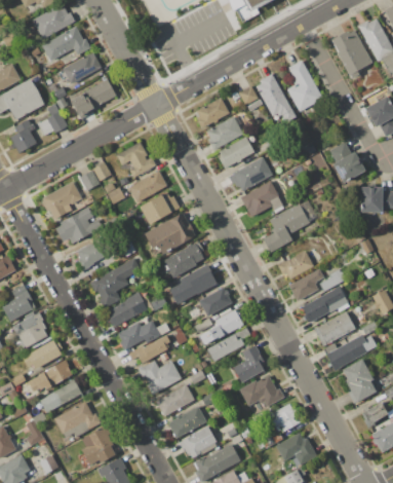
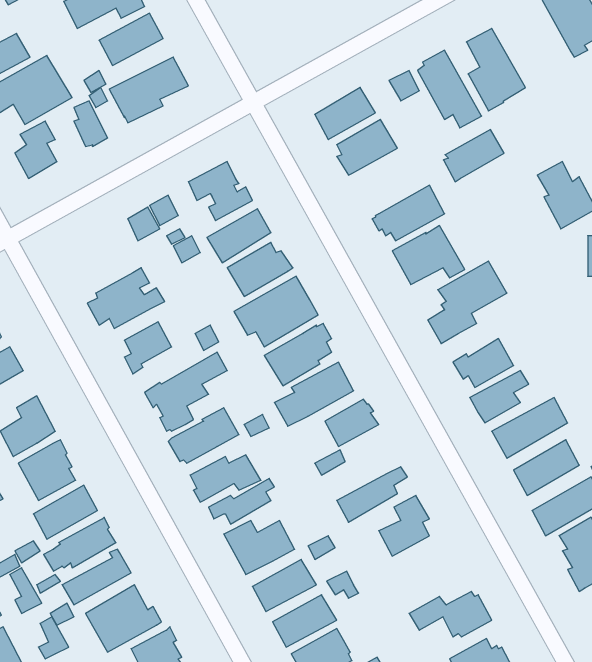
building: [218,137,254,169] -> [443,130,504,182]
building: [42,181,82,218] -> none
building: [199,309,243,344] -> none
building: [240,375,284,406] -> none

